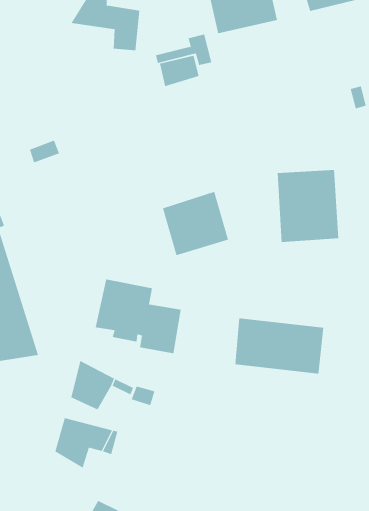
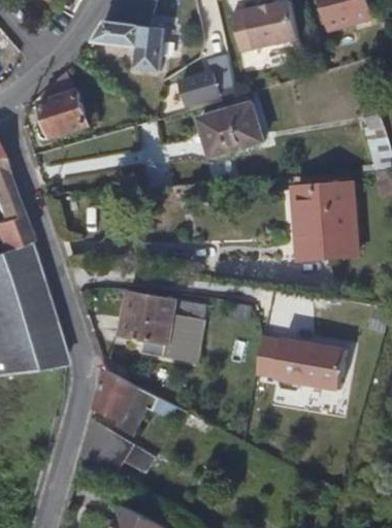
building: none -> [43,73,92,138]
building: [162,191,229,256] -> [201,104,266,167]

